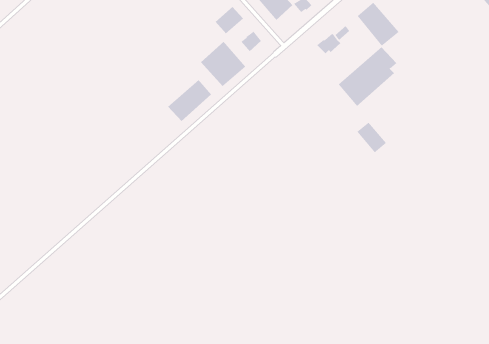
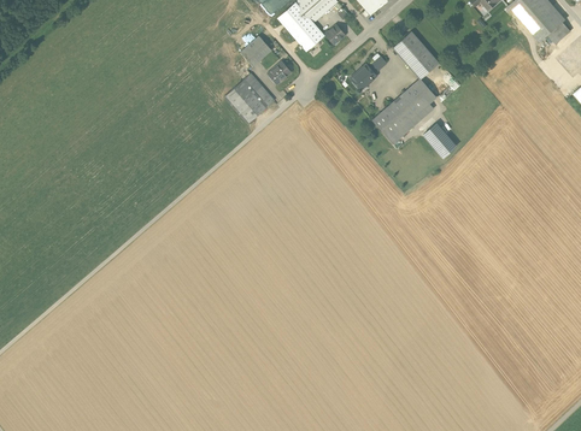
building: [167,79,212,122] -> none
building: [356,122,387,153] -> [424,123,457,157]

